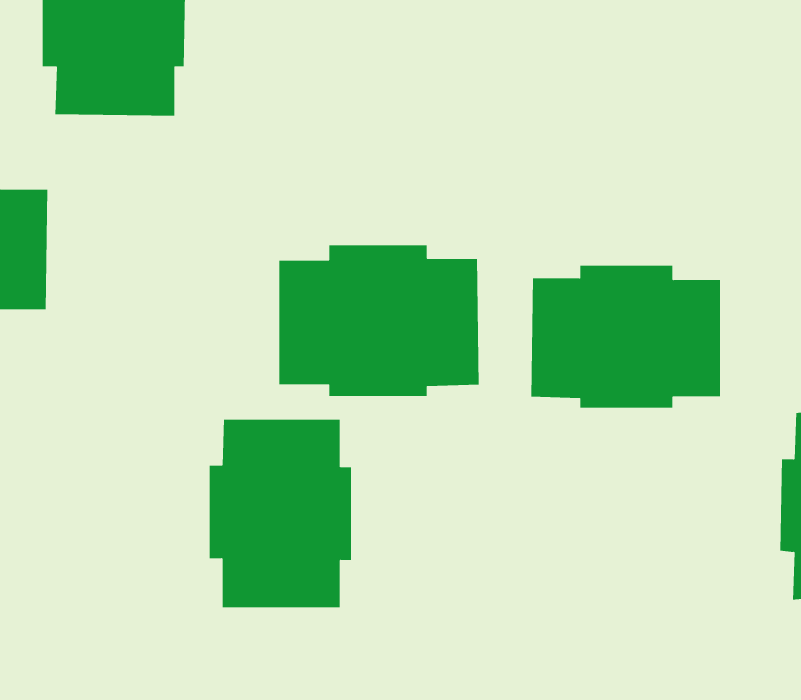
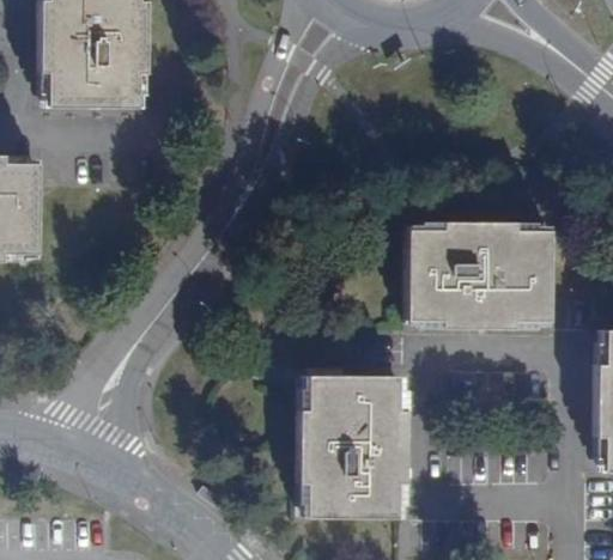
building: [279,245,479,397] -> none
building: [209,419,352,608] -> [298,376,406,518]

